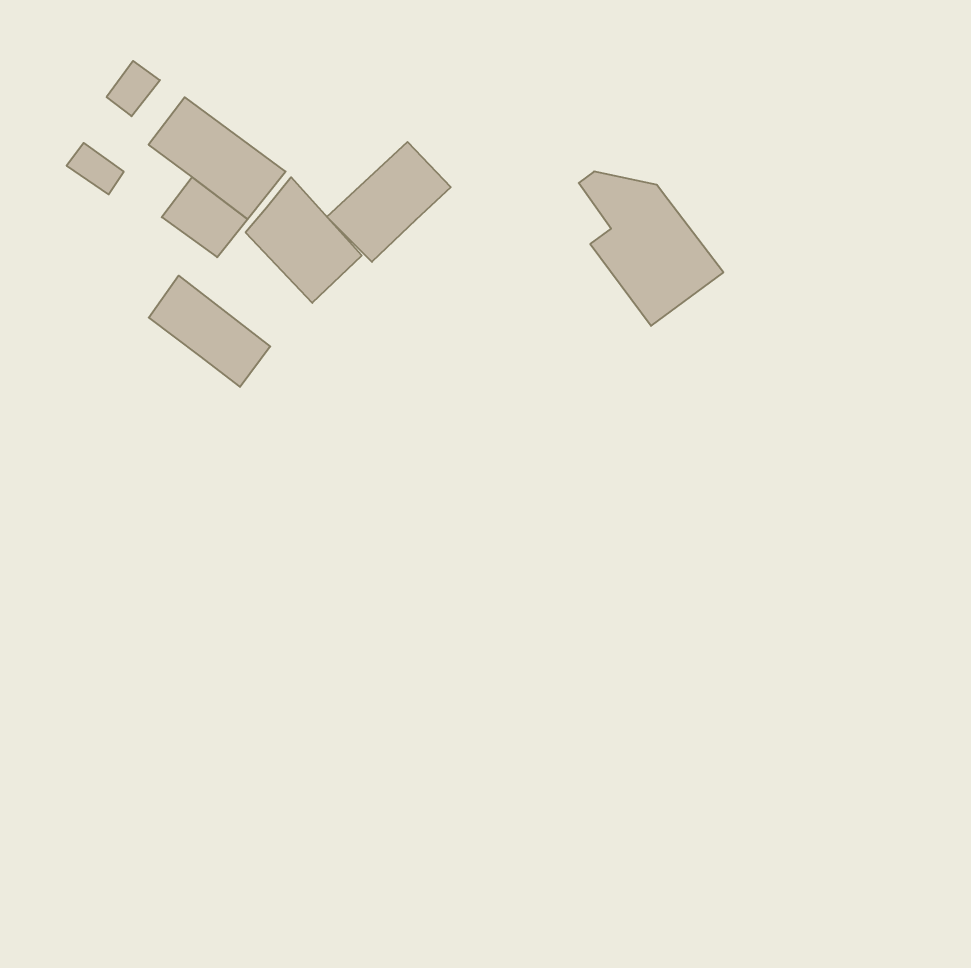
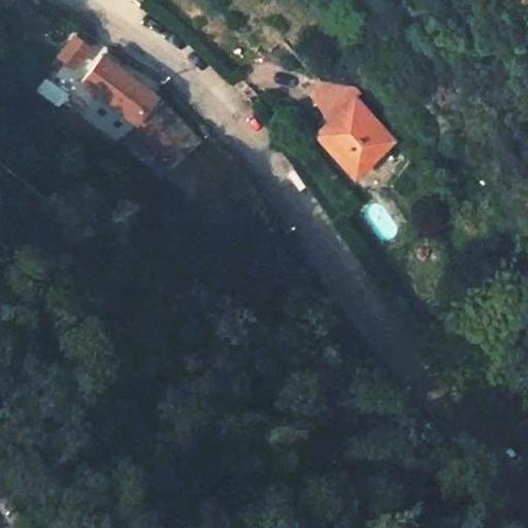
building: [327,142,451,262] -> none
building: [149,276,270,387] -> none

